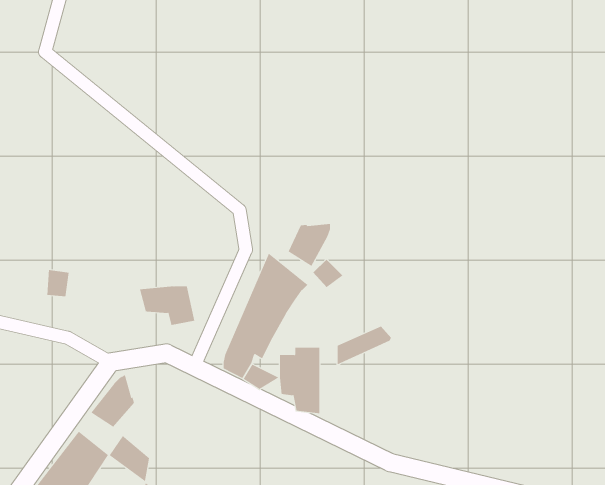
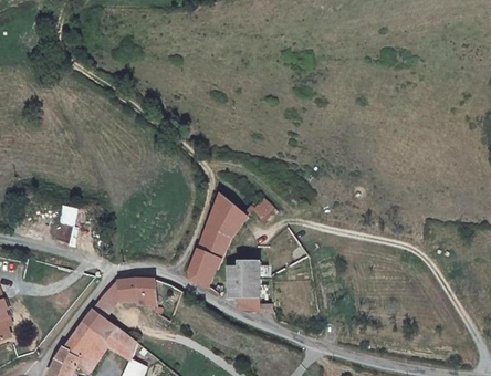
building: [288,223,331,267] -> none
building: [139,286,195,326] -> [117,278,158,306]
building: none -> [83,307,115,338]

